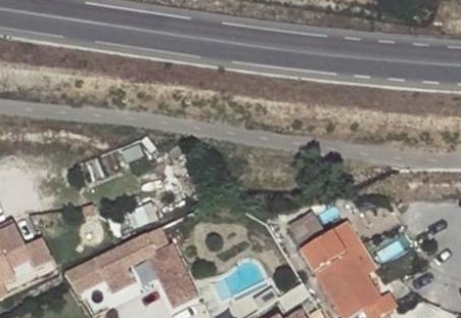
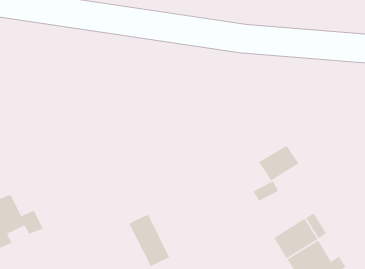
building: [299,231,347,273] -> [258,145,299,181]
building: [67,233,156,292] -> none

